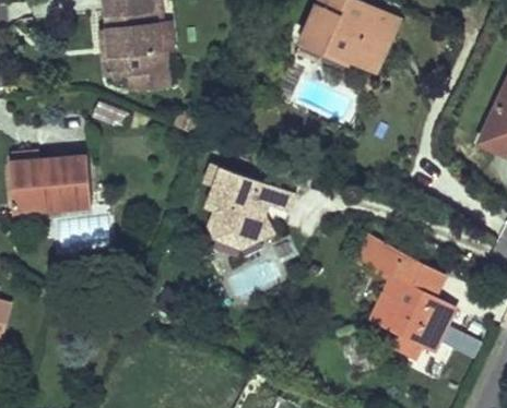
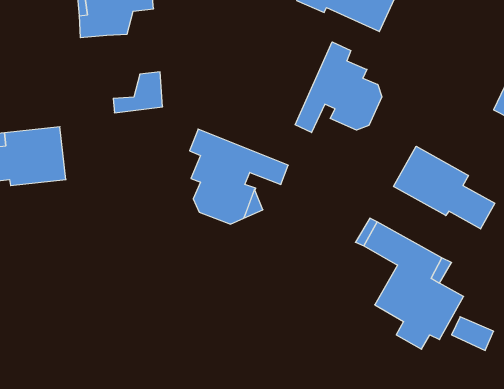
building: [128,48,173,85] -> [113,72,163,113]
building: none -> [295,42,382,133]
building: none -> [394,146,495,229]

